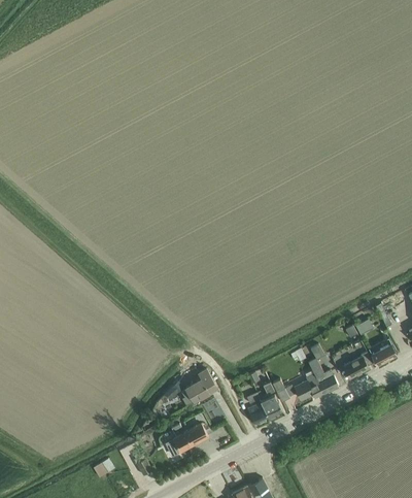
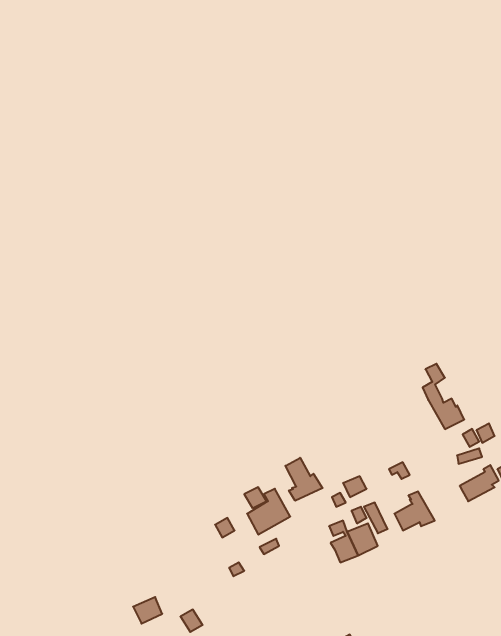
building: [307,343,338,392] -> [423,364,464,429]
building: none -> [285,458,323,501]
building: [172,423,207,452] -> none

